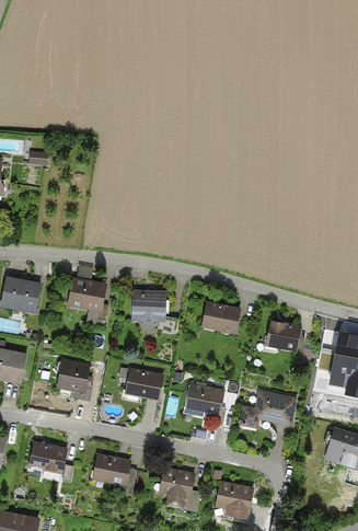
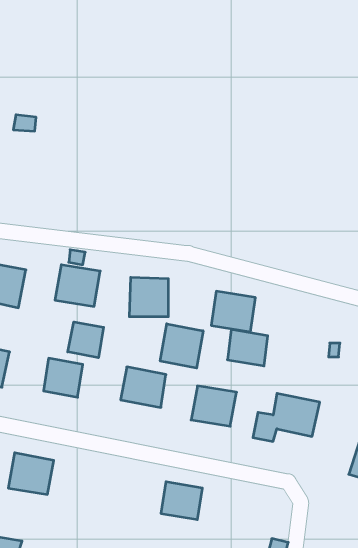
building: [264,320,299,351] -> [227,329,268,366]
building: none -> [68,322,104,358]
building: none -> [160,324,203,368]
building: [92,453,131,487] -> none
building: [215,481,253,515] -> none

